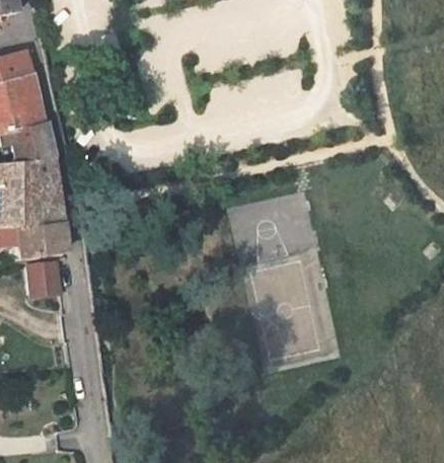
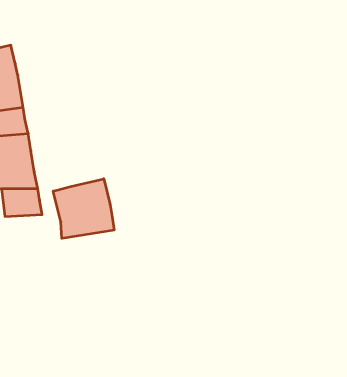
building: none -> [53,179,114,238]
building: [27,258,63,296] -> none

